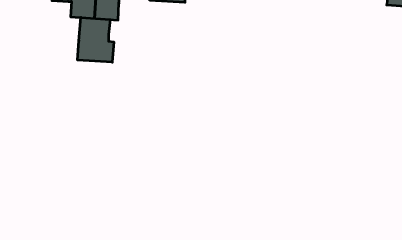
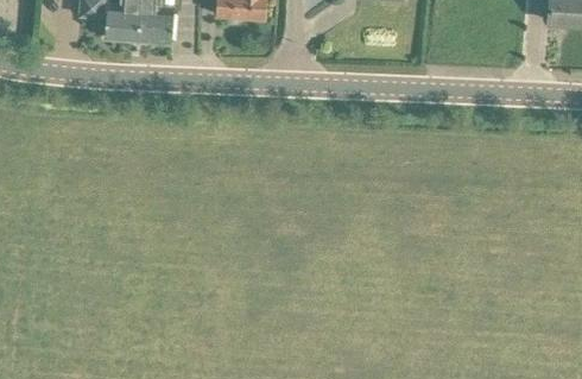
building: [78,17,114,62] -> none

